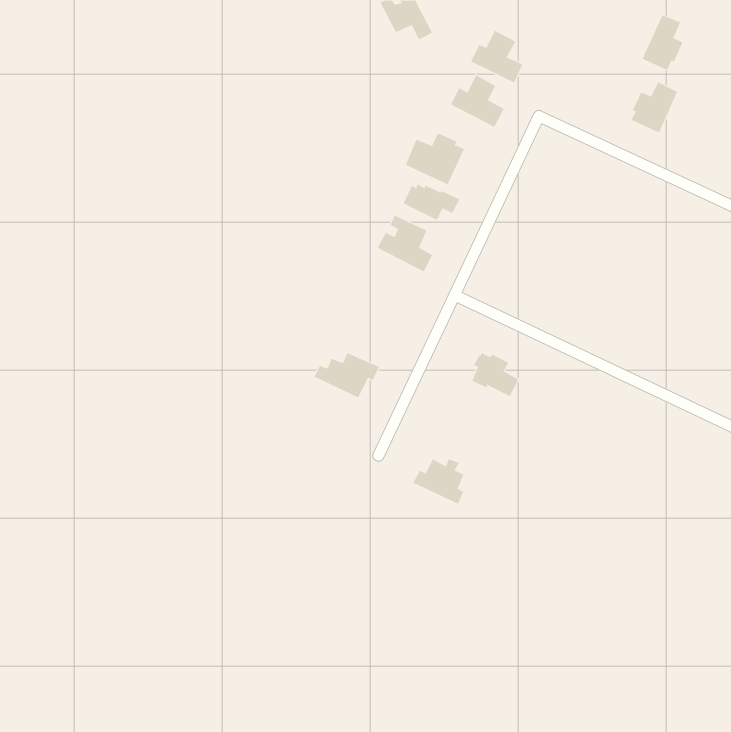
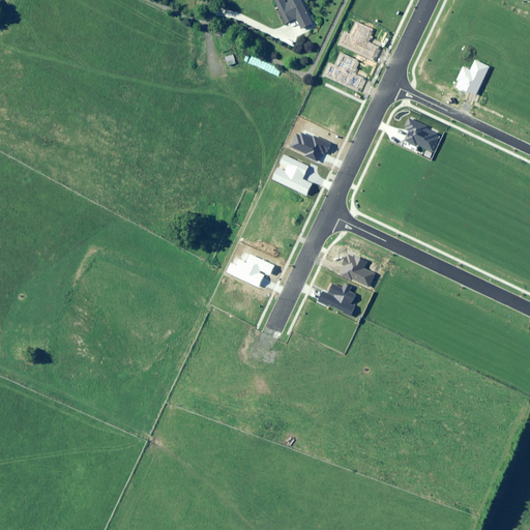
building: [642,15,683,71] -> none
building: [405,132,465,185] -> none
building: none -> [405,117,440,151]
building: [412,459,464,504] -> [319,283,356,316]

